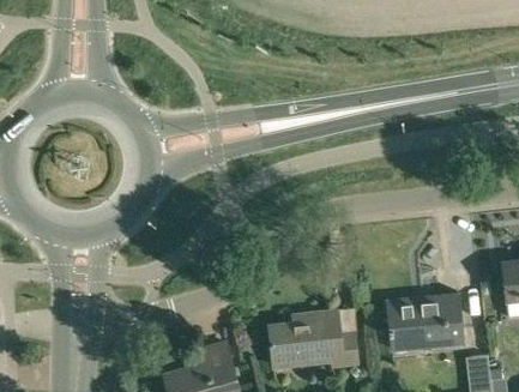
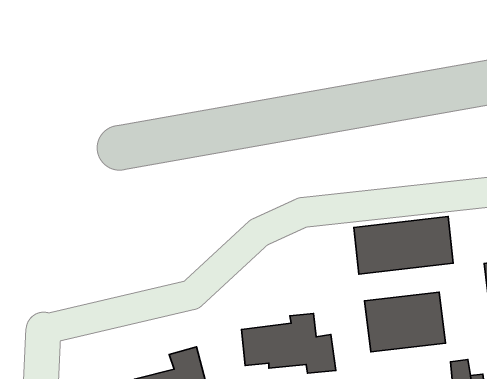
building: none -> [354,217,453,274]

